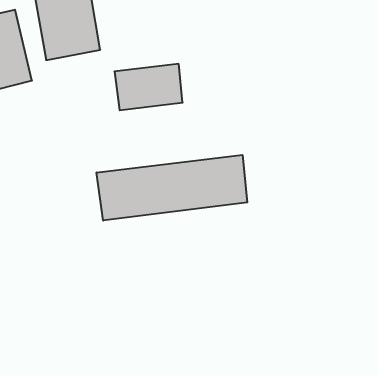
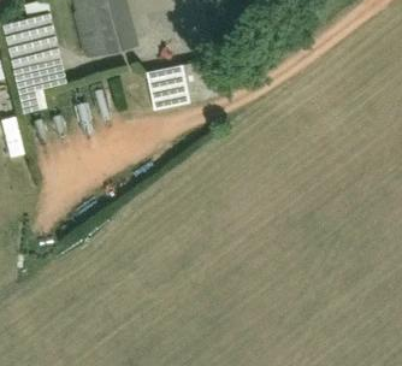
building: [97,155,247,221] -> none

